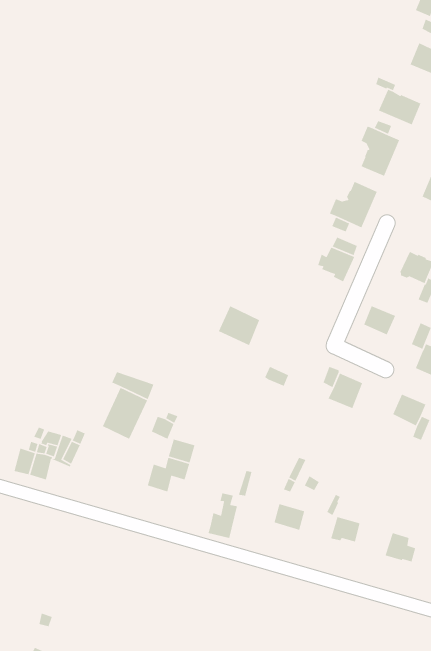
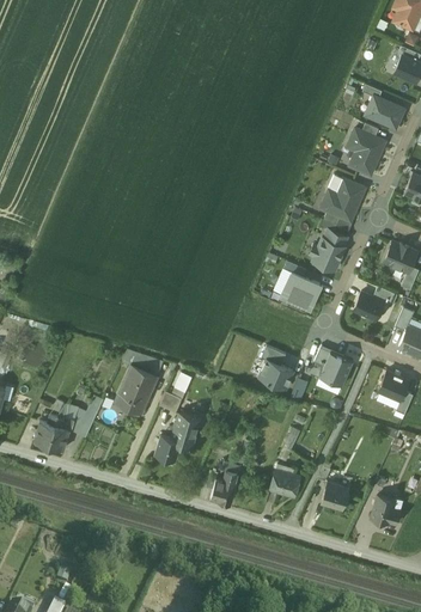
building: [218,305,260,346] -> [281,271,319,308]
building: none -> [258,359,293,388]

